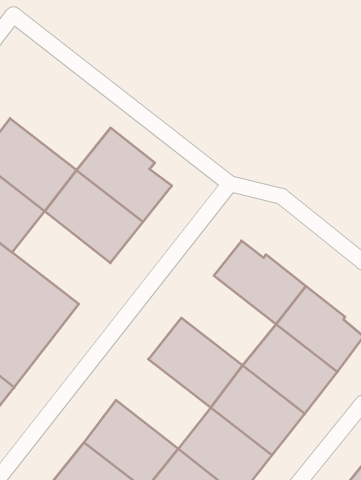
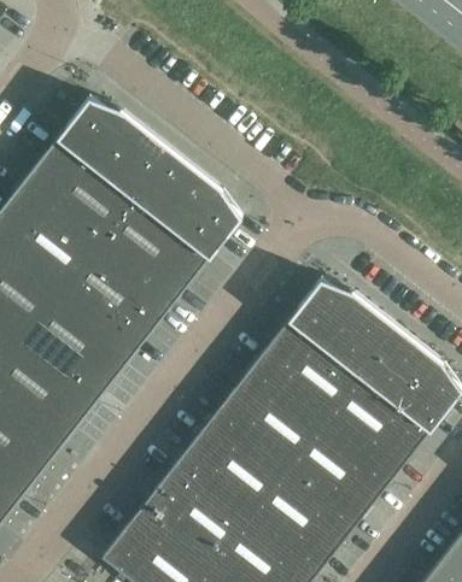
building: none -> [57,96,171,198]
building: none -> [59,245,171,351]
building: none -> [252,318,361,421]
building: none -> [177,413,286,516]

